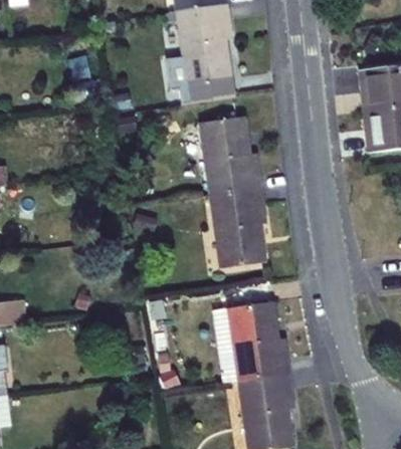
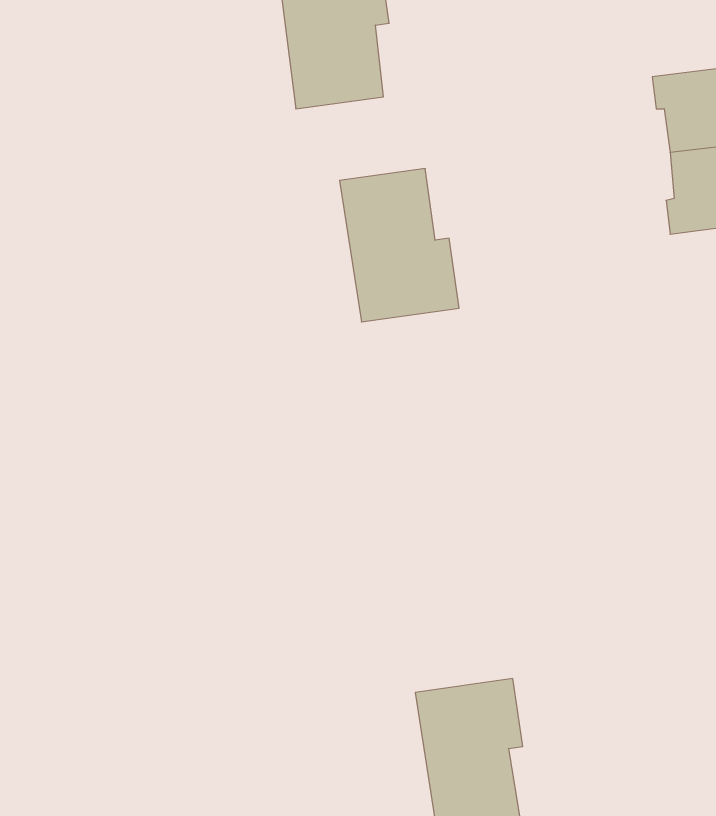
building: [211,189,266,271] -> none
building: [227,302,287,383] -> none

